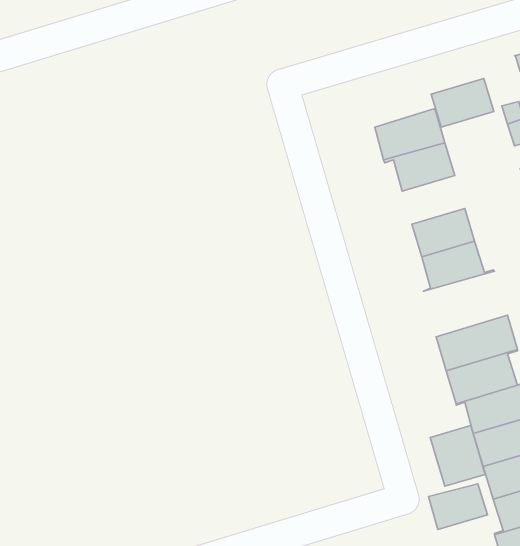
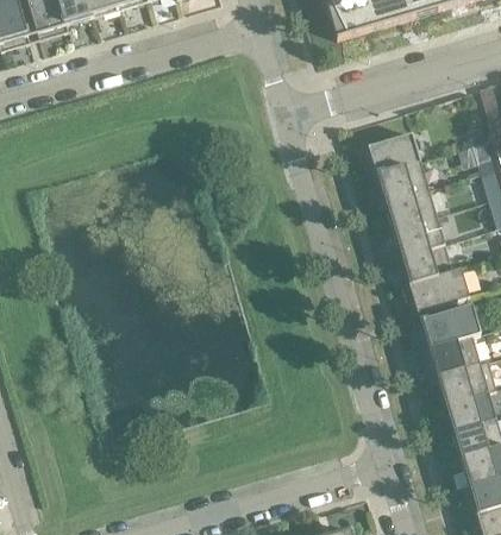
building: [431,79,494,127] -> [383,185,436,226]
building: none -> [401,265,469,311]
building: [430,426,485,486] -> none
building: [429,484,487,530] -> none

